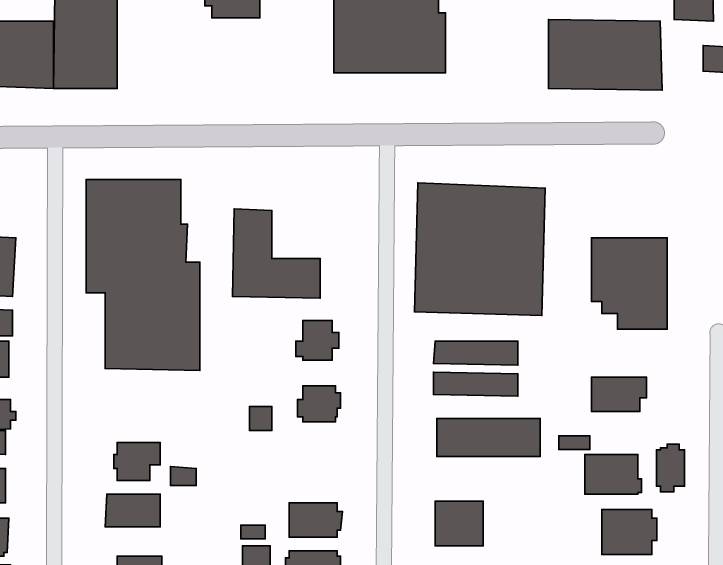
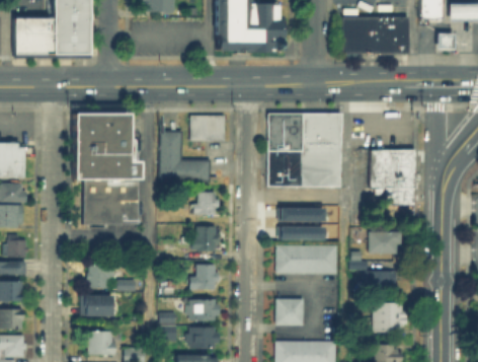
building: none -> [187,114,223,139]
building: none -> [191,266,220,292]
building: [656,444,684,492] -> none

